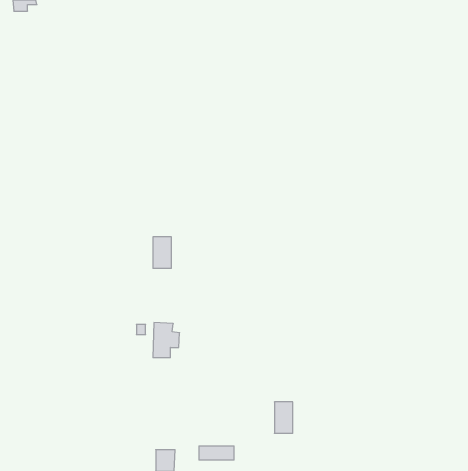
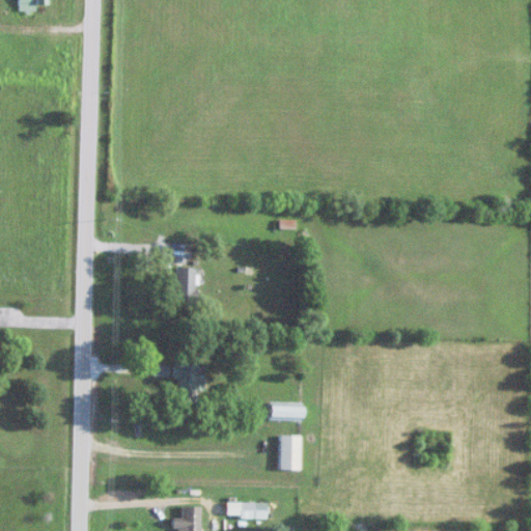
building: none -> [268,403,301,419]
building: [274,402,293,433] -> [280,435,301,470]

